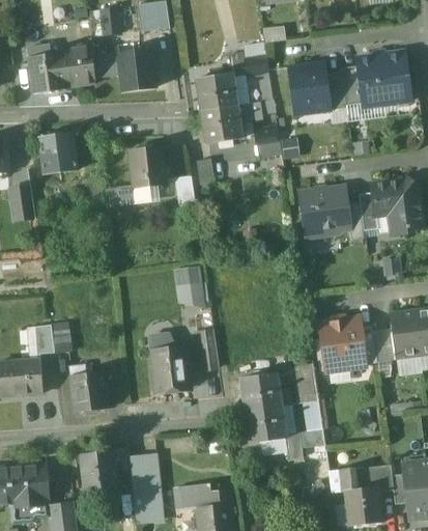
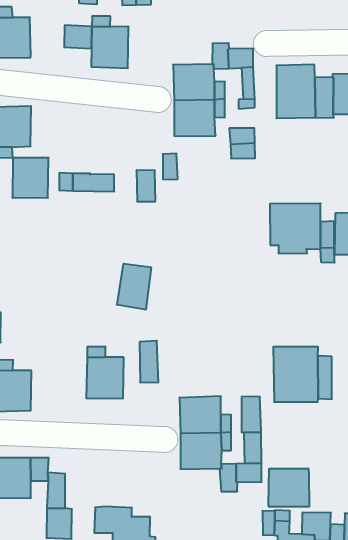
building: [60,44,94,87] -> none
building: [129,147,165,188] -> [12,158,49,198]
building: none -> [269,468,309,507]

